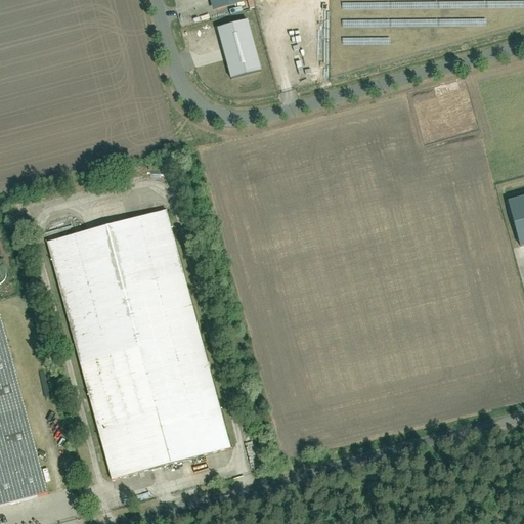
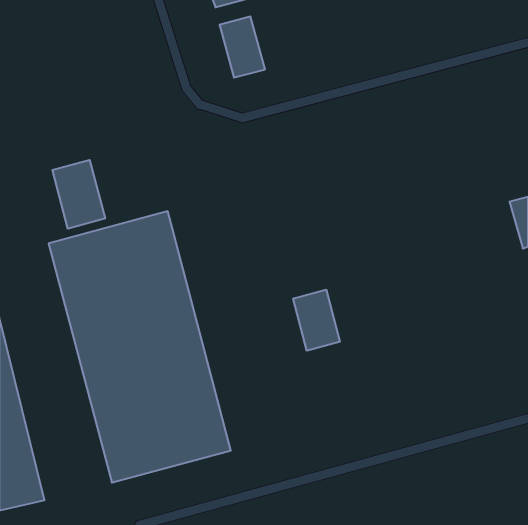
building: none -> [52,160,105,229]
building: none -> [293,290,340,351]

